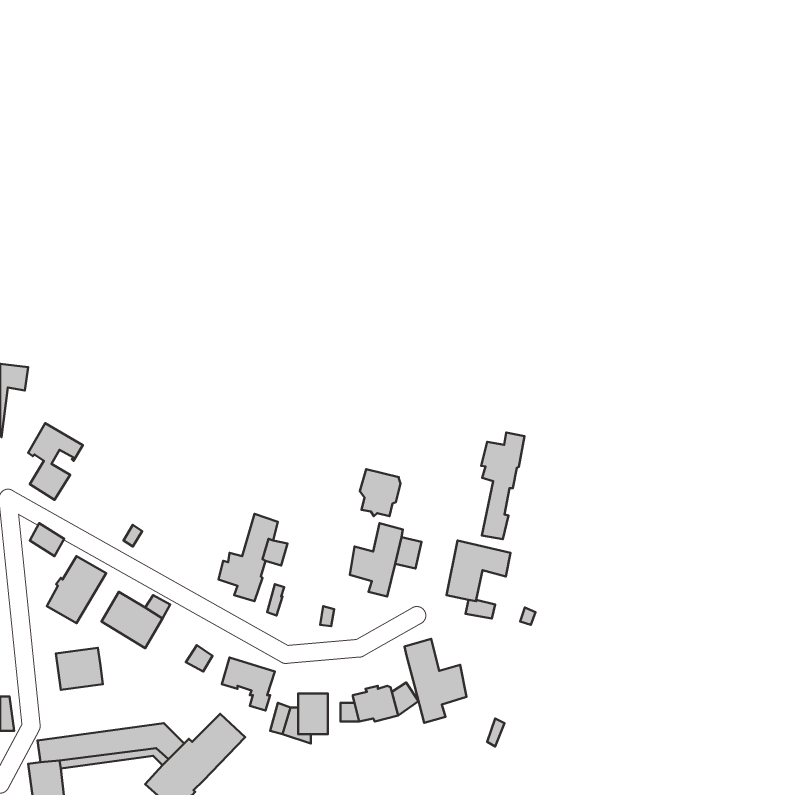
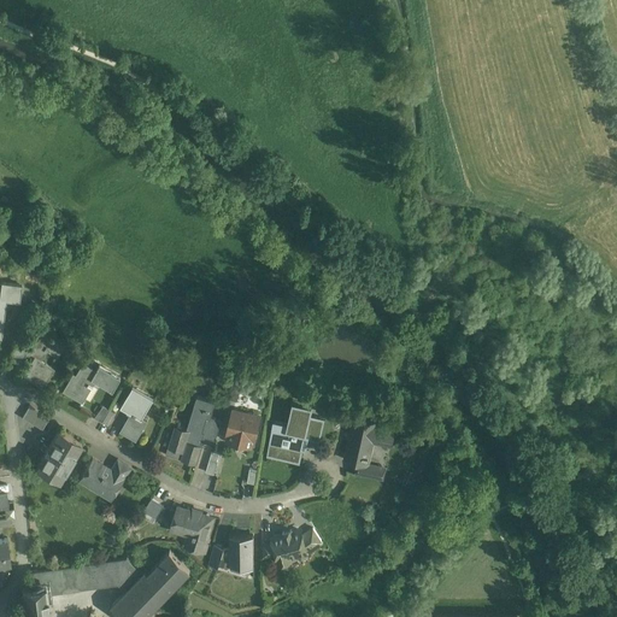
building: [481,432,524,539] -> none
building: [360,469,400,516] -> [228,412,259,448]
building: none -> [64,366,121,404]
building: none -> [121,398,148,441]
building: [404,639,467,723] -> none
building: [56,648,103,690] -> none

